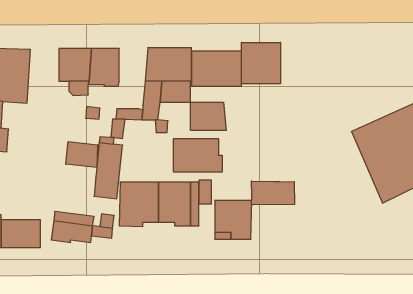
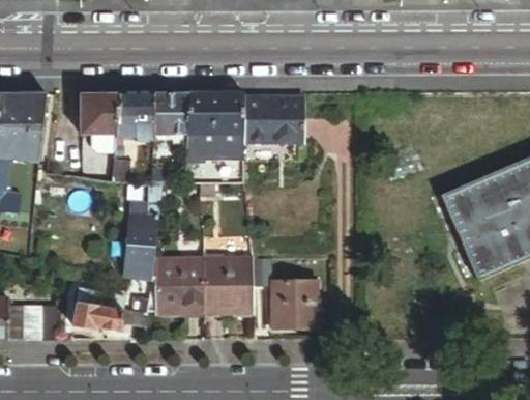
building: [242,42,280,84] -> none
building: none -> [154,91,189,133]
building: [191,102,226,130] -> none
building: [174,139,222,172] -> none
building: [66,142,98,168] -> none
building: [252,181,294,205] -> none

